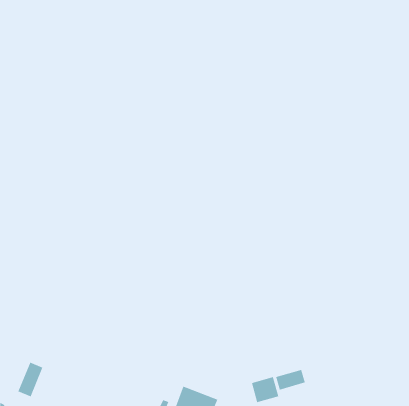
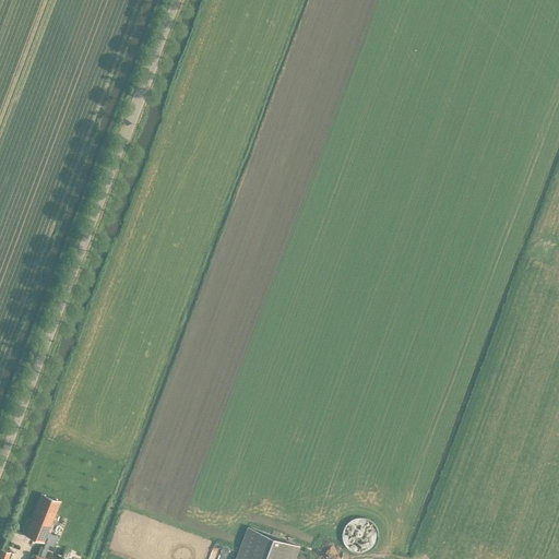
building: [276,369,306,390] -> none

